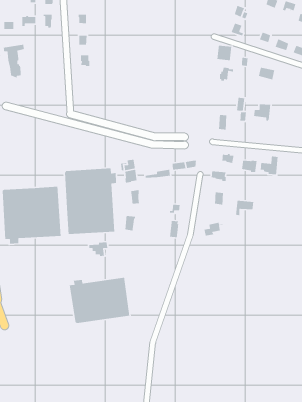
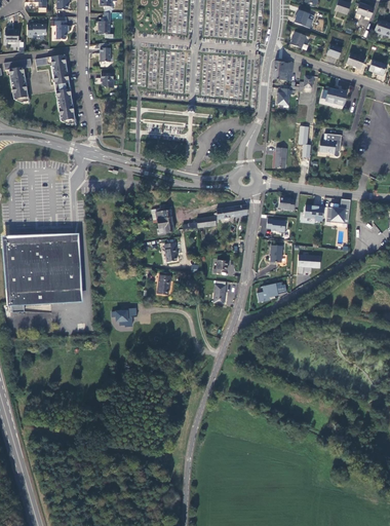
building: none -> [35,53,75,124]
building: [64,167,117,235] -> none
building: [69,277,130,324] -> none

